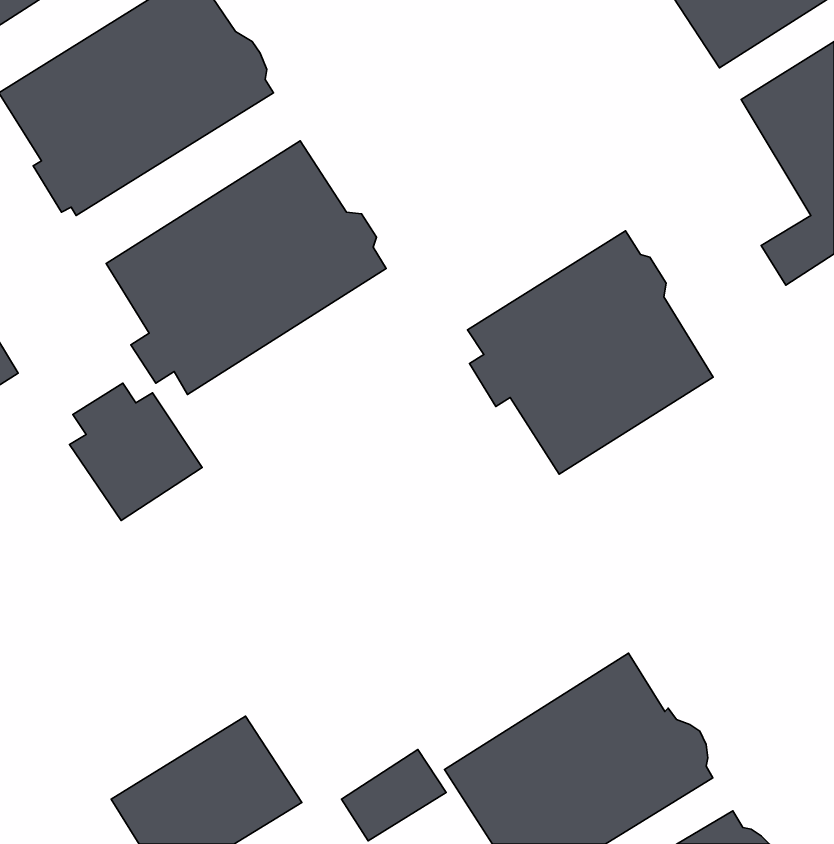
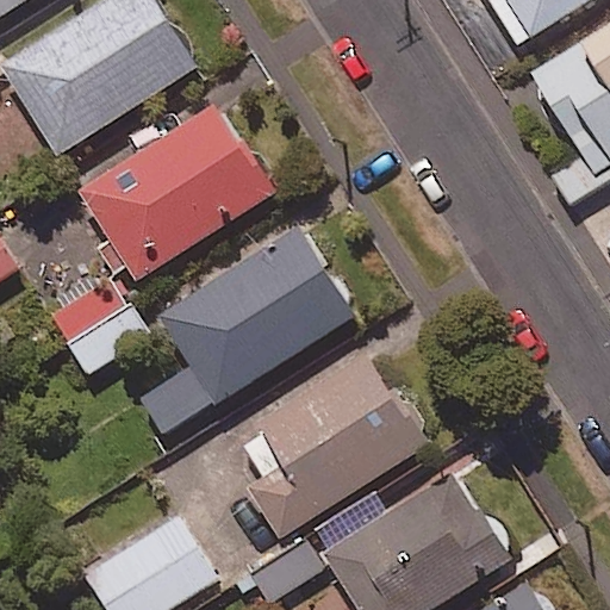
building: [467,231,713,474] -> none
building: none -> [141,228,355,435]
building: none -> [244,353,428,540]

